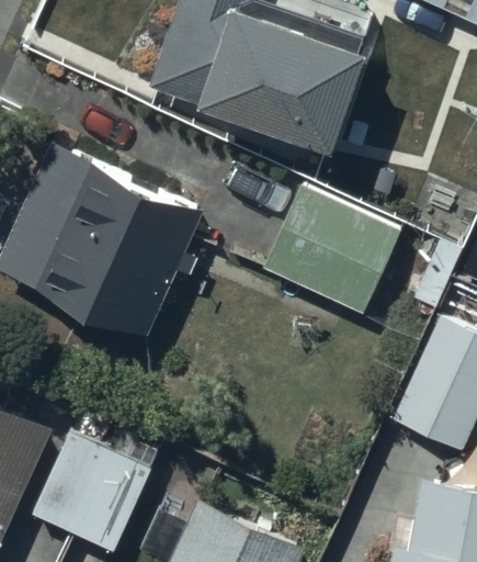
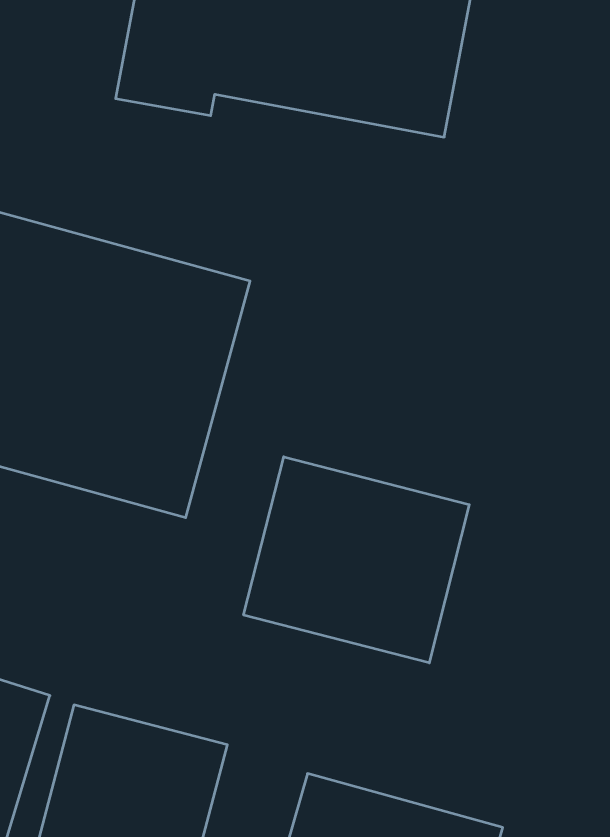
building: [262,186,398,313] -> none
building: none -> [244,457,469,663]

